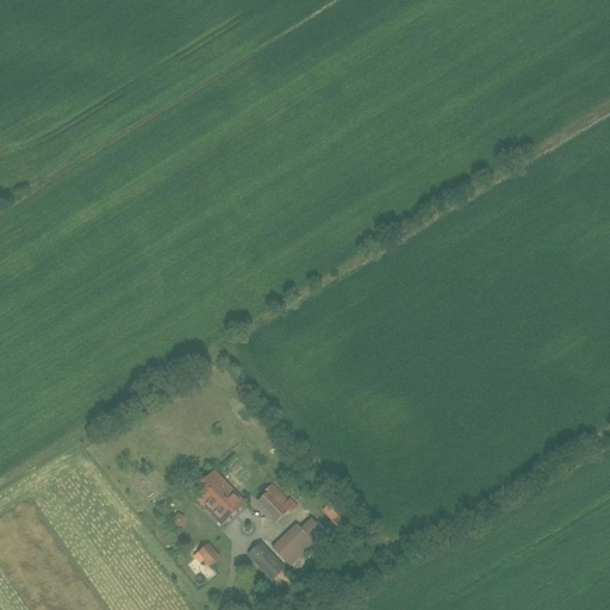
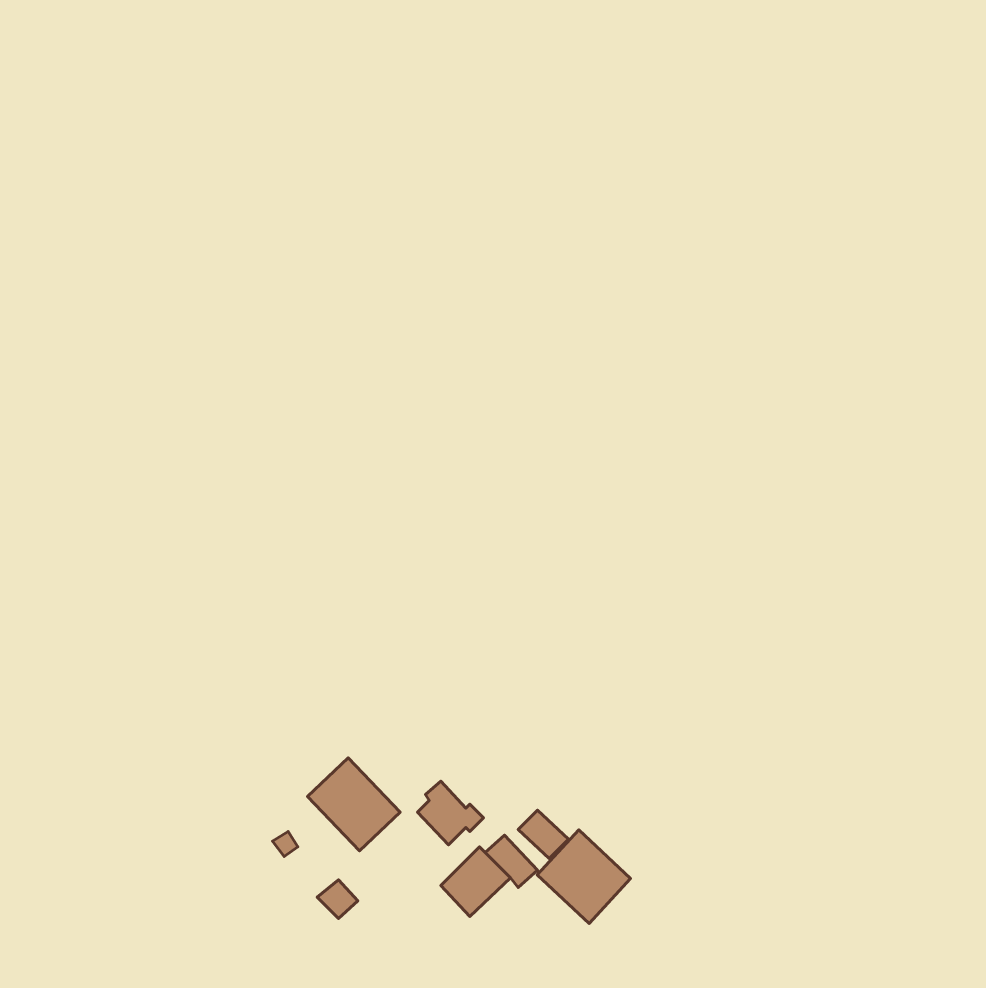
building: none -> [537,830,631,923]
building: [245,540,286,580] -> none

